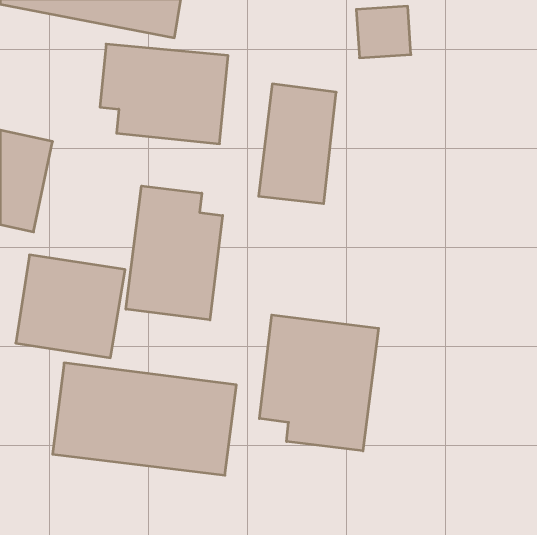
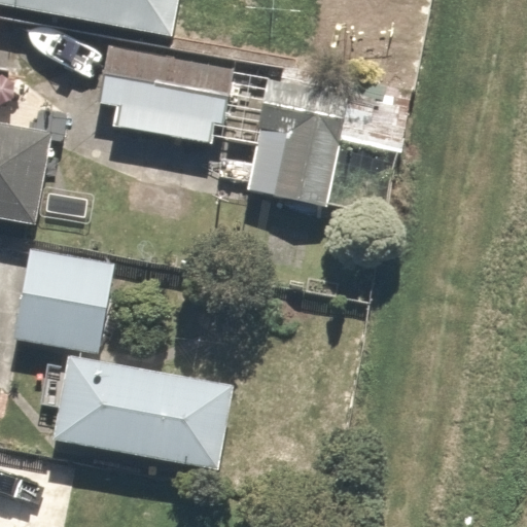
building: [126,186,223,320] -> none
building: [259,315,379,451] -> none

